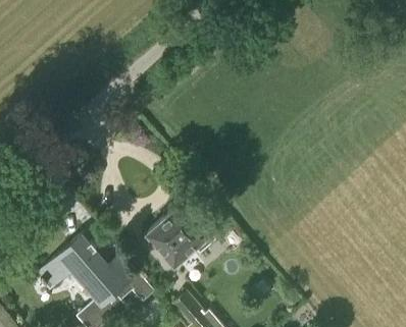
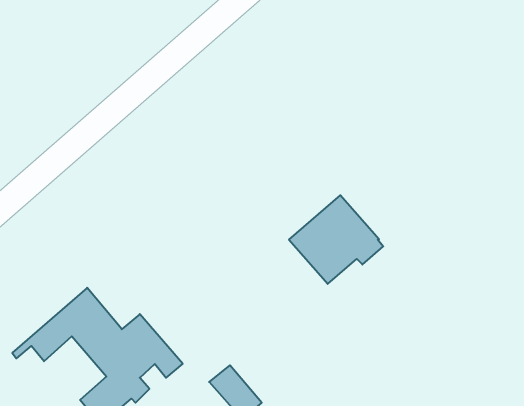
building: [147,200,216,265] -> [289,195,383,284]

